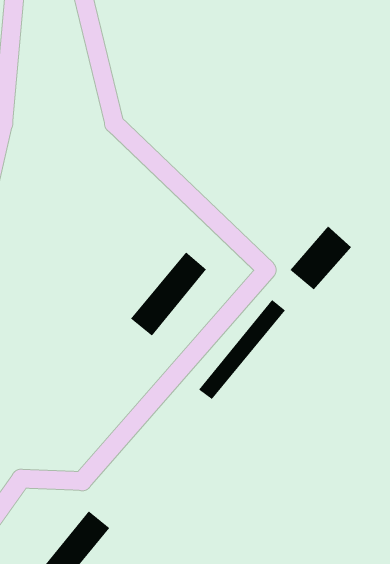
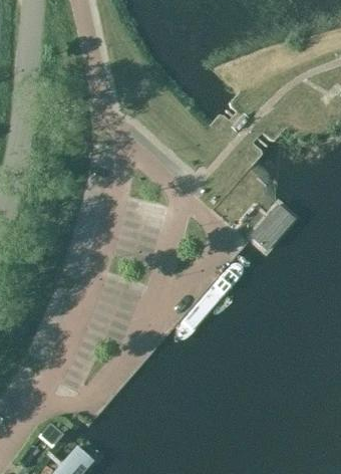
building: [130,251,207,336] -> none

